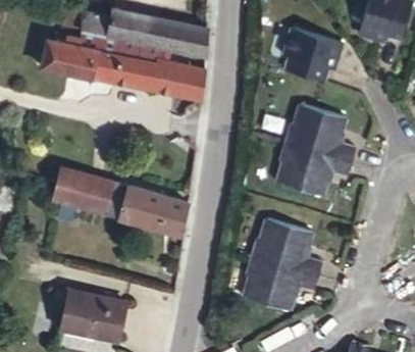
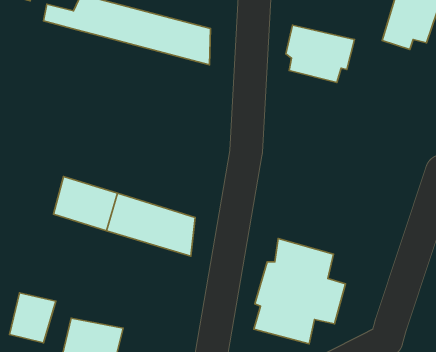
building: [30,28,200,104] -> none
building: [275,92,357,188] -> none
building: none -> [10,293,56,343]

